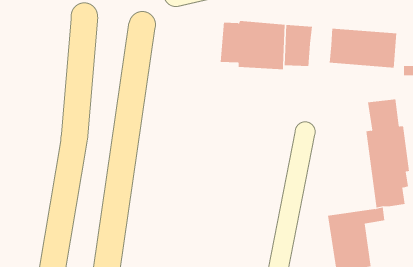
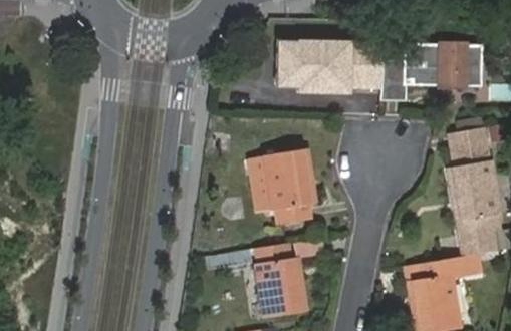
building: none -> [382,62,408,97]
building: none -> [249,151,314,222]
building: none -> [256,242,308,318]

